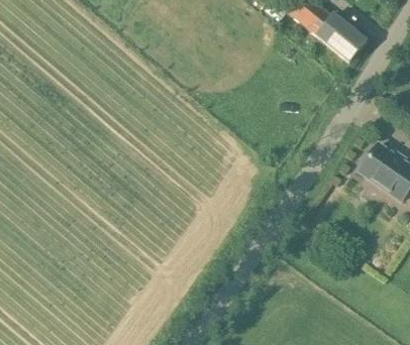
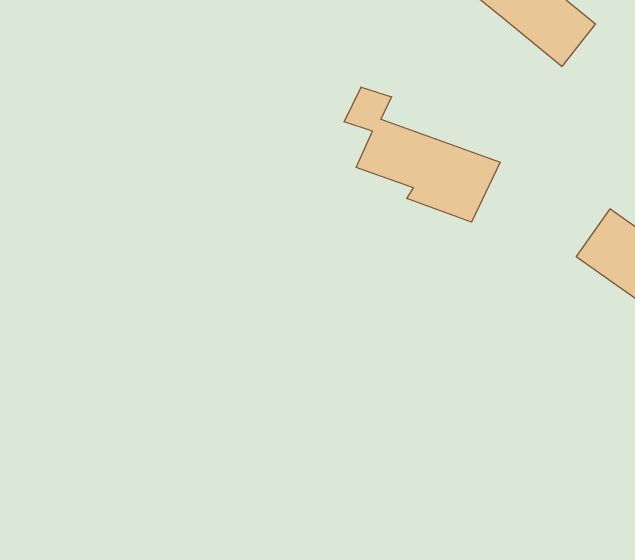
building: none -> [344,87,500,222]

